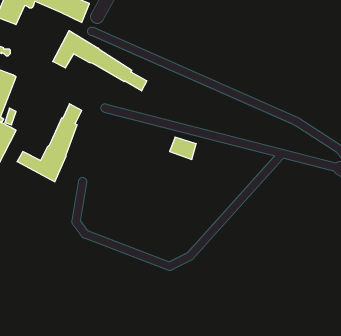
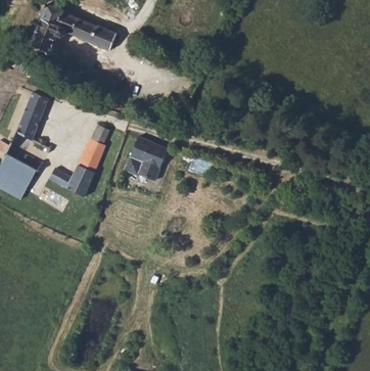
building: [53,31,147,91] -> none
building: none -> [127,137,167,181]

